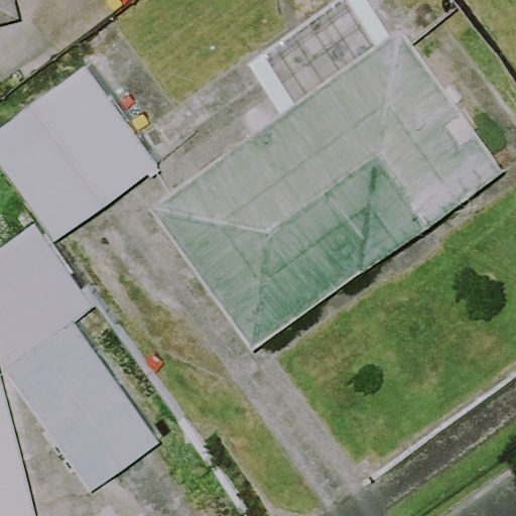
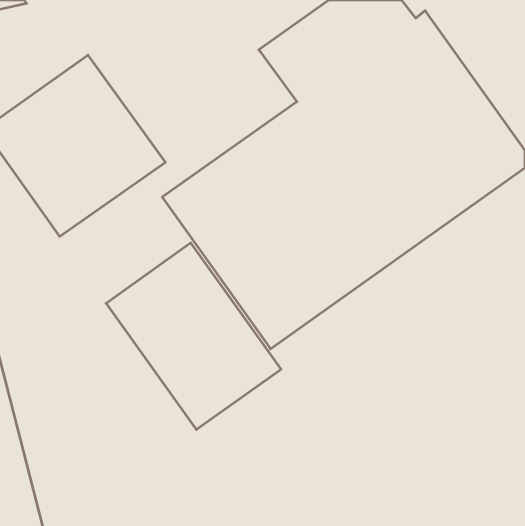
building: [4,315,170,493] -> [106,243,281,430]

